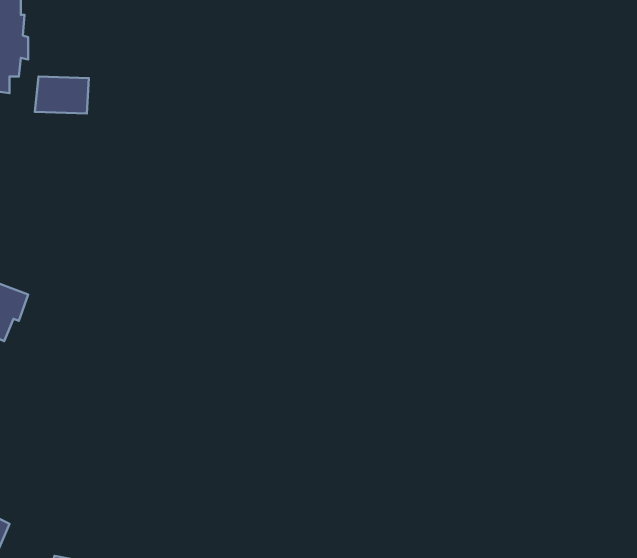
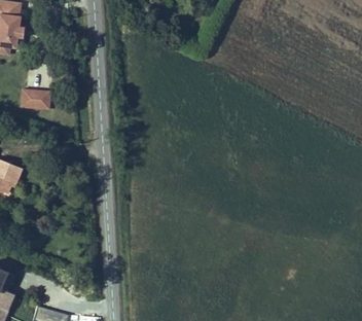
building: [35,76,89,114] -> [20,88,49,109]

